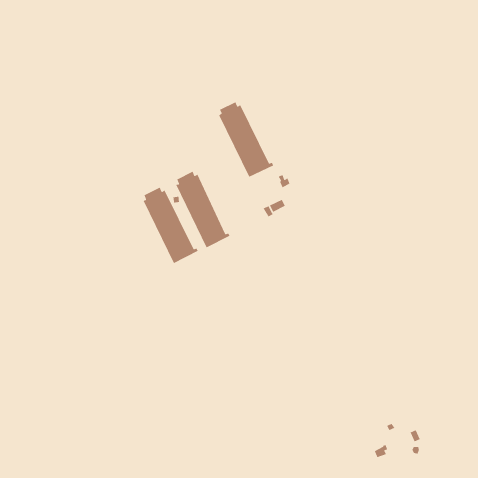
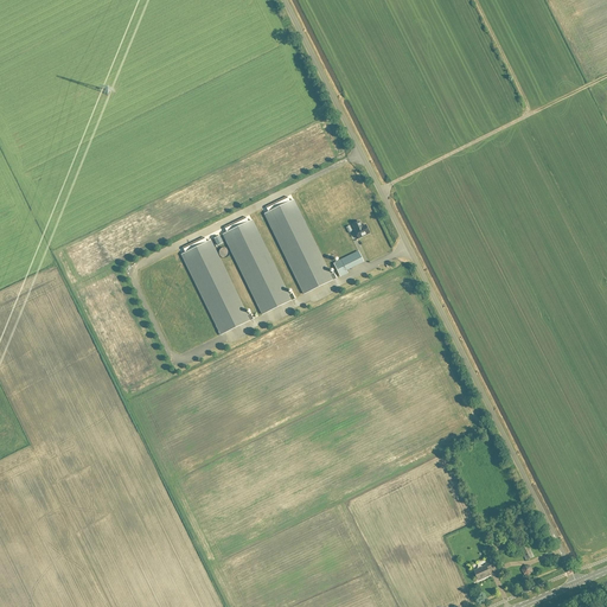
building: [218,101,274,178] -> [263,196,334,293]

